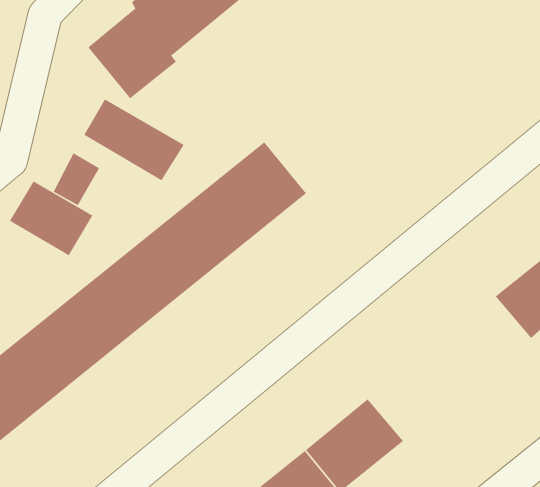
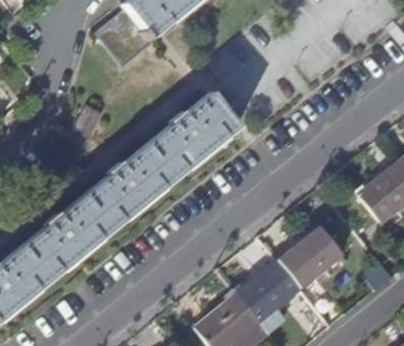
building: [83,99,184,181] -> none
building: [9,180,93,256] -> none
building: none -> [277,226,342,287]

